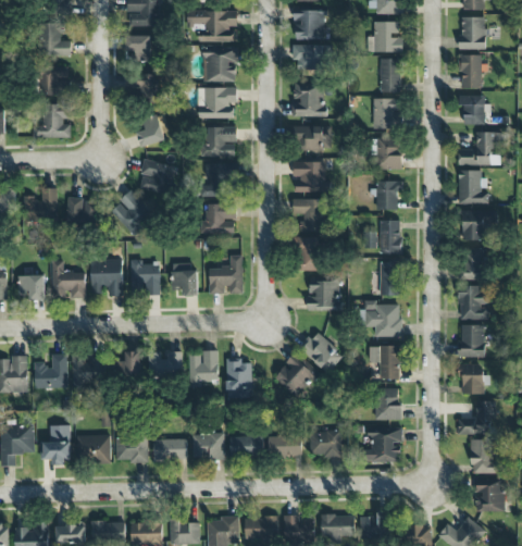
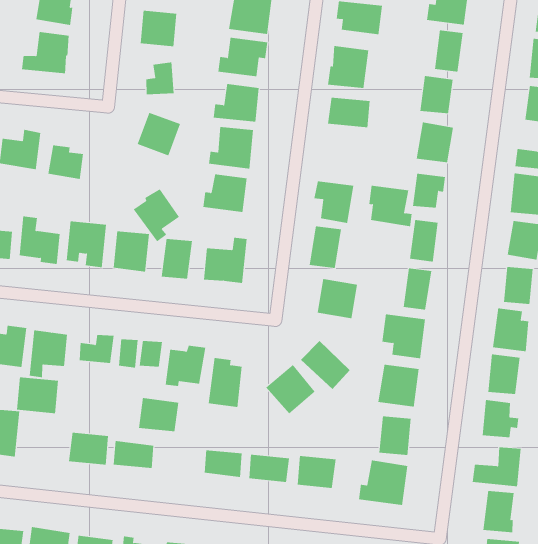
building: [293,161,331,191] -> [368,185,412,227]
building: [110,189,150,235] -> [133,188,180,242]
building: [192,433,224,459] -> [138,398,179,432]
building: [76,434,111,463] -> [16,377,59,414]

